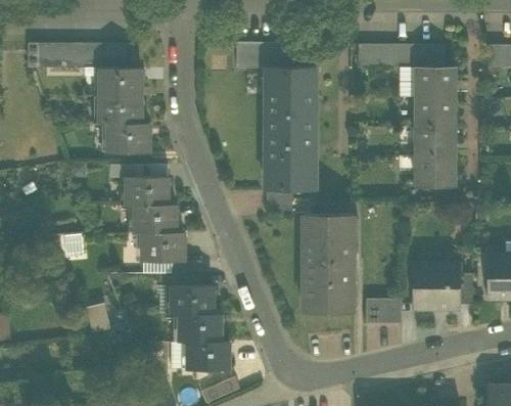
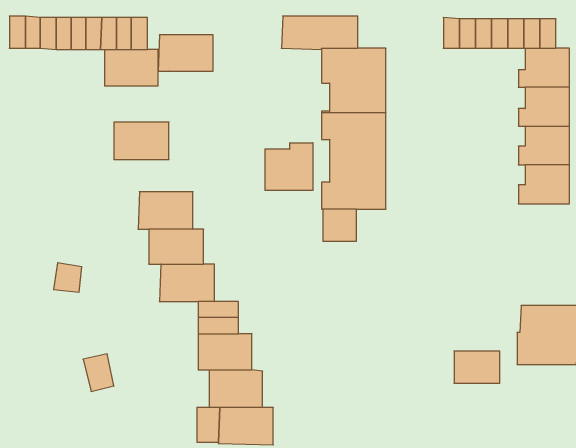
building: [99,96,141,124] -> [158,35,213,71]
building: none -> [265,143,313,190]
building: [304,215,354,313] -> none

